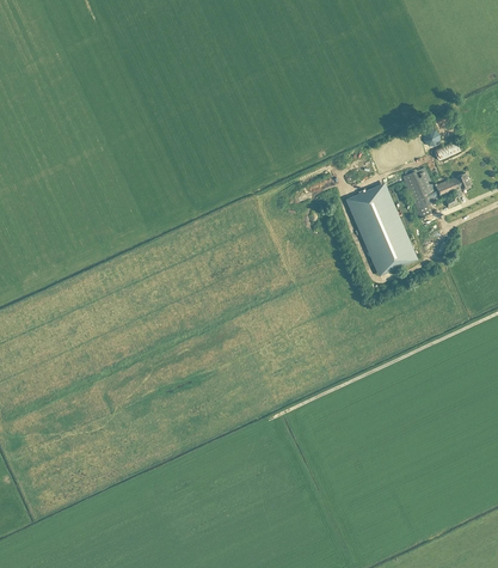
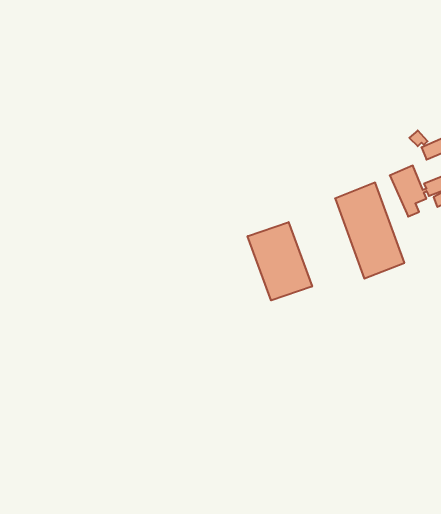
building: none -> [248,222,312,300]

